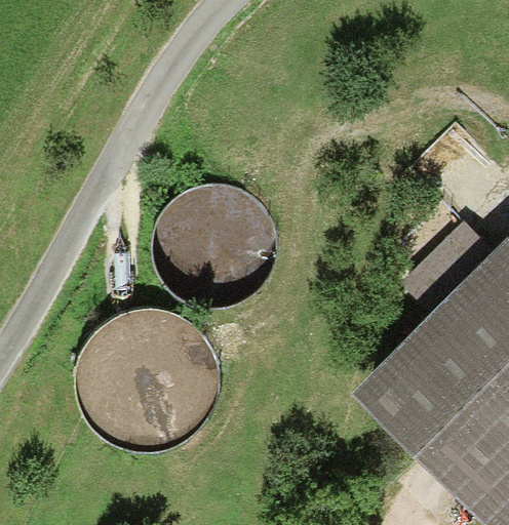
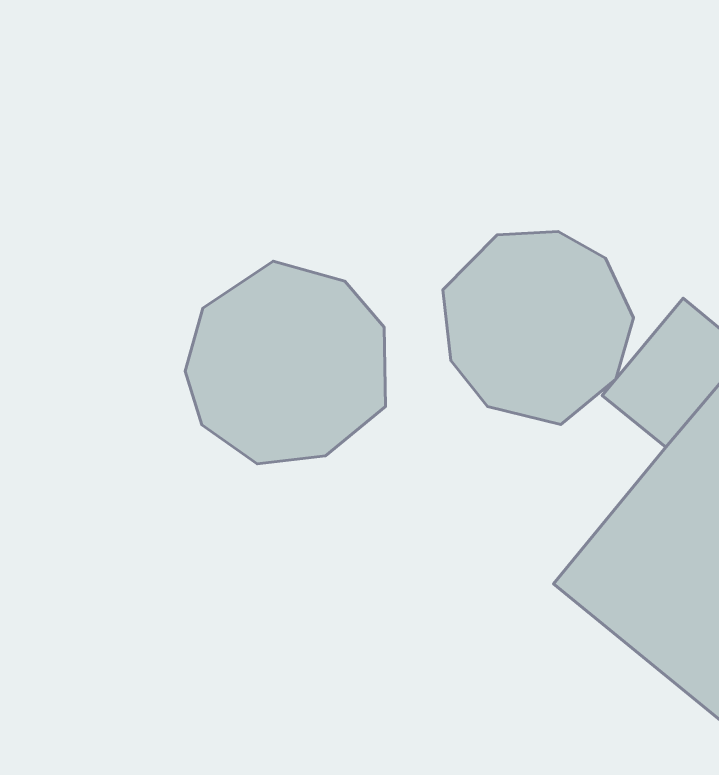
building: none -> [443,232,633,424]
building: [83,305,214,447] -> none

